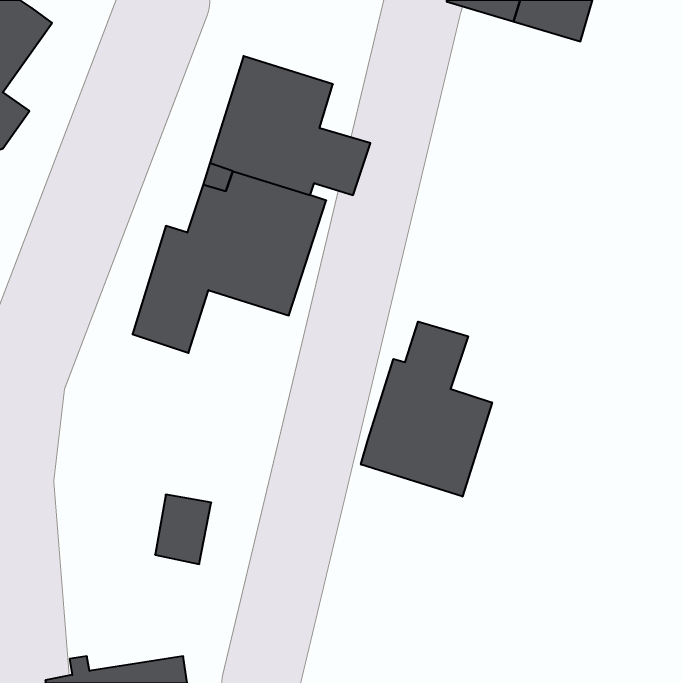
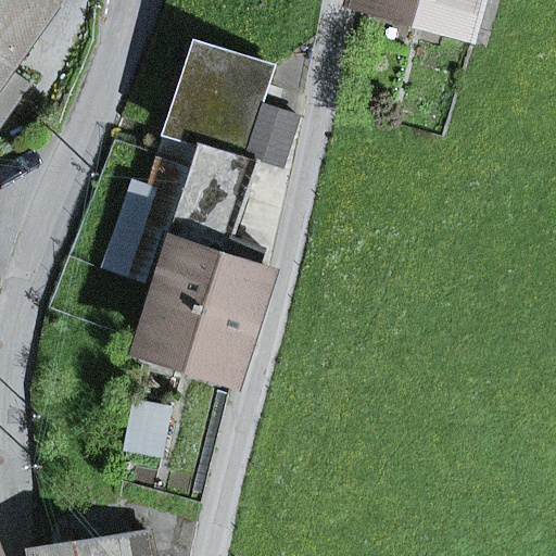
building: none -> [142,236,269,372]
building: [361,322,492,497] -> none

